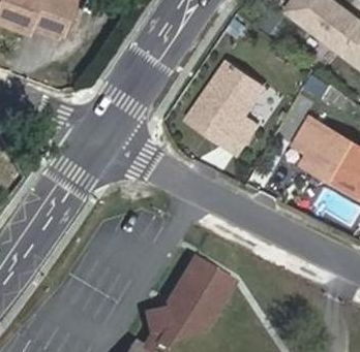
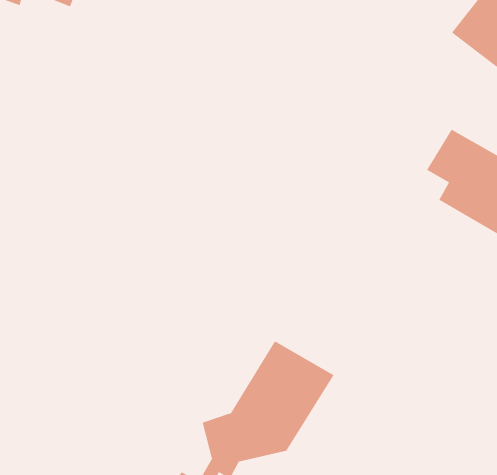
building: [187,63,263,154] -> none

